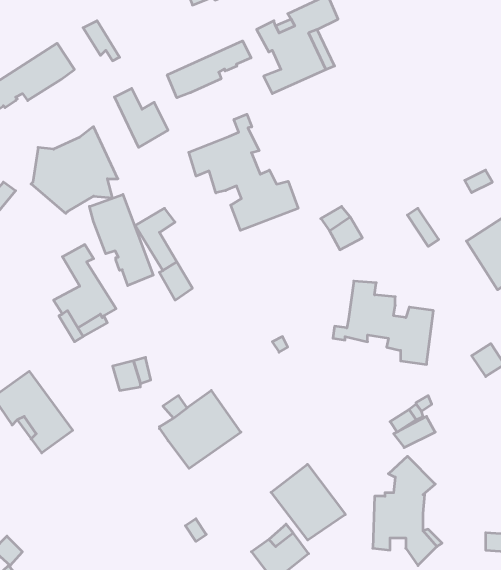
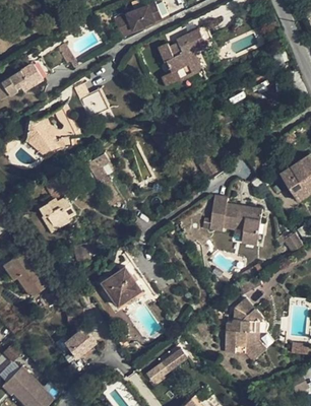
building: [167,41,251,98] -> none
building: [189,114,298,230] -> none
building: [89,194,153,286] -> none
building: [271,464,345,540] -> none
building: none -> [65,327,96,357]

